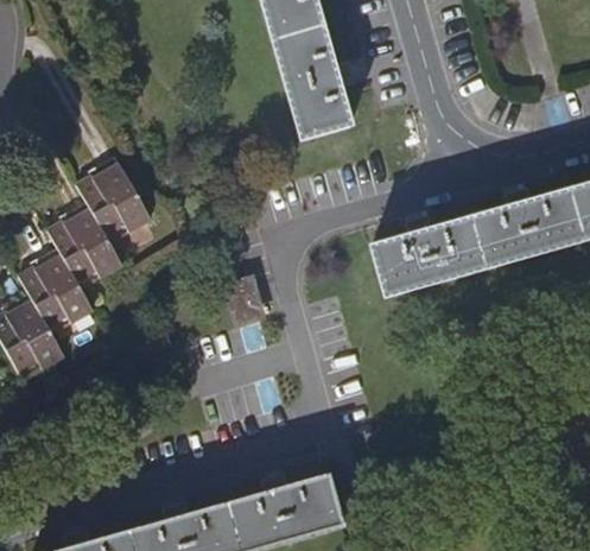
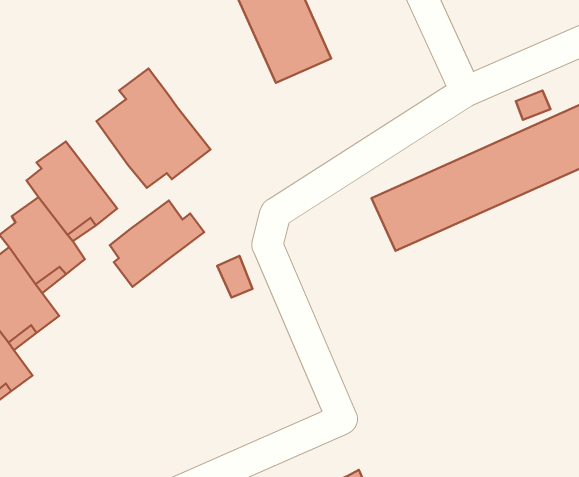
building: none -> [96,68,211,188]
building: none -> [110,201,204,287]

